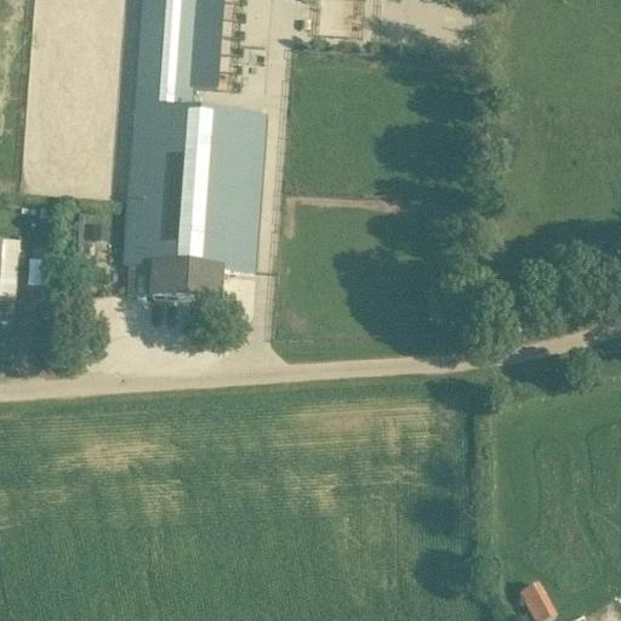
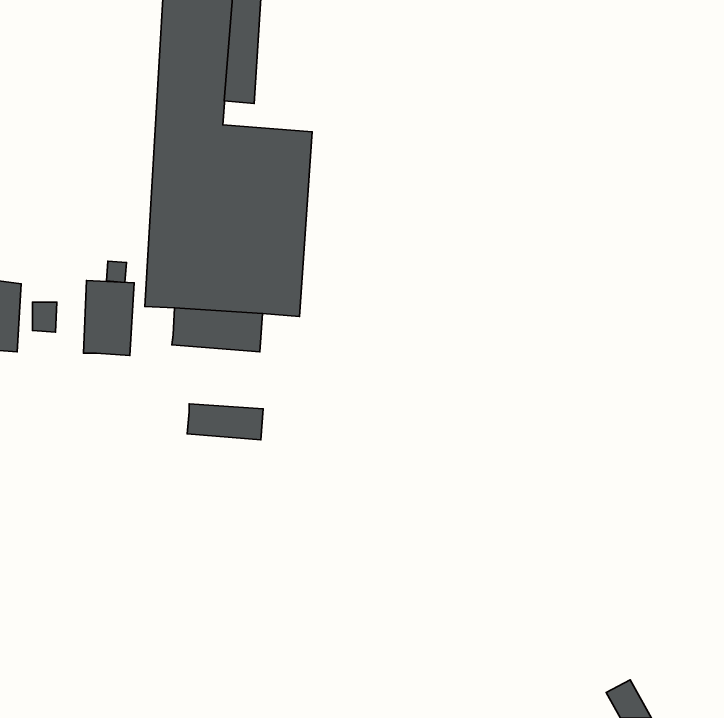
building: none -> [84,281,134,355]
building: none -> [187,404,263,440]

